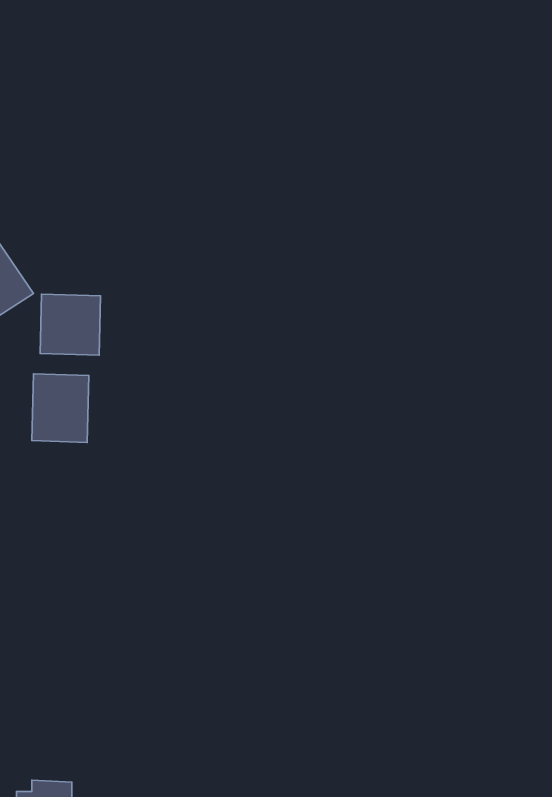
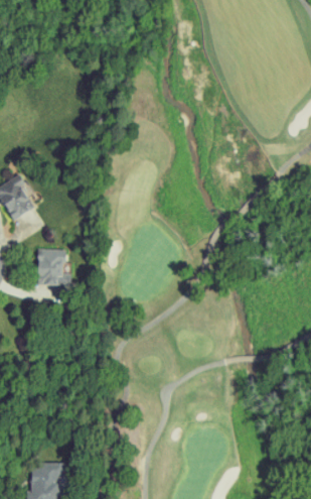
building: [40,294,101,355] -> none

